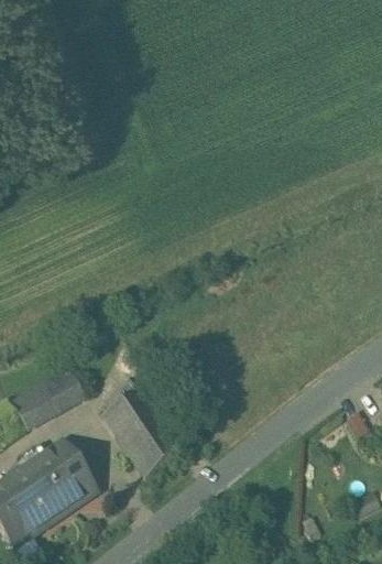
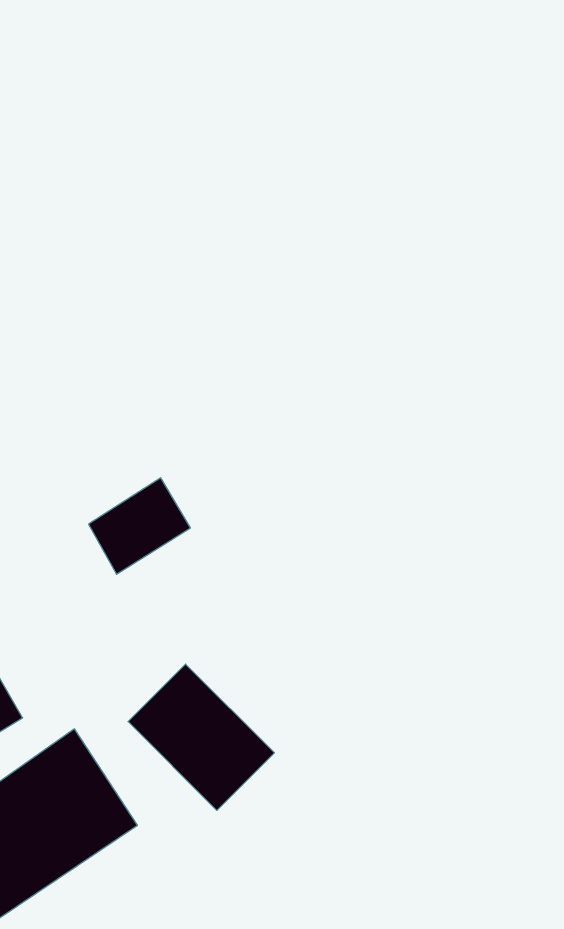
building: [26,362,87,420] -> [89,478,190,574]

